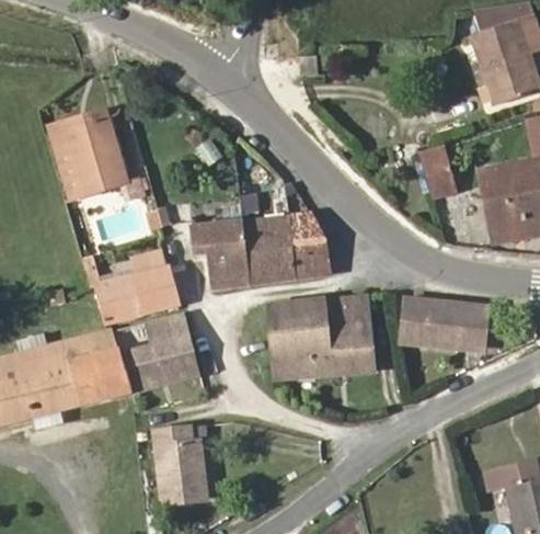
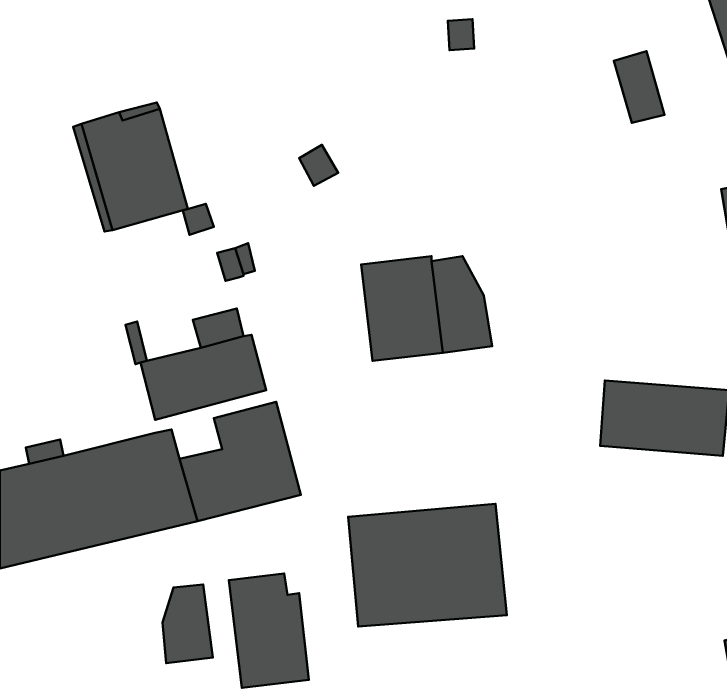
building: [420,148,453,196] -> [614,51,664,123]
building: [193,220,250,289] -> none
building: [269,296,376,378] -> [348,504,507,626]
building: none -> [163,585,213,663]

